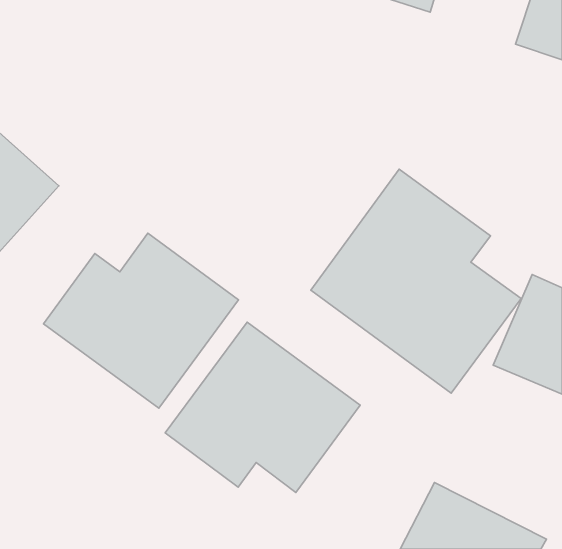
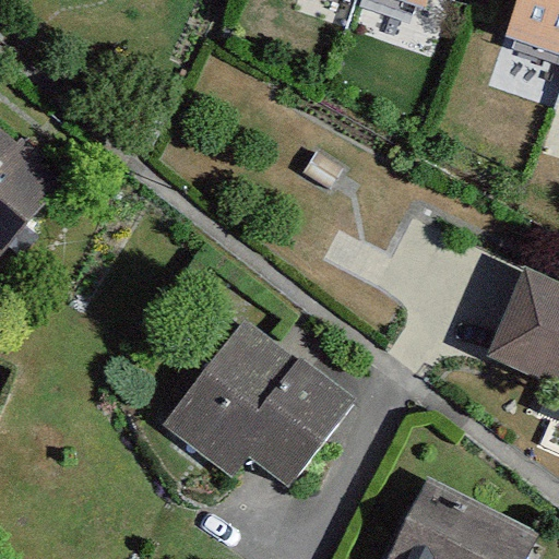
building: [311,169,521,393] -> none
building: [43,233,239,408] -> none

